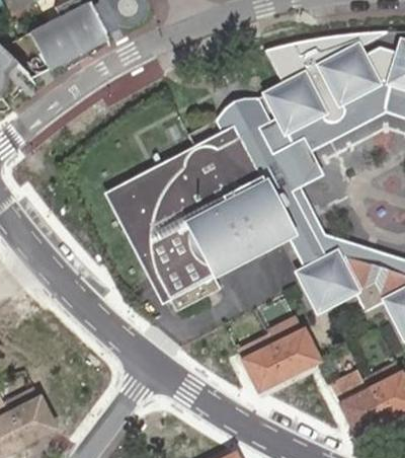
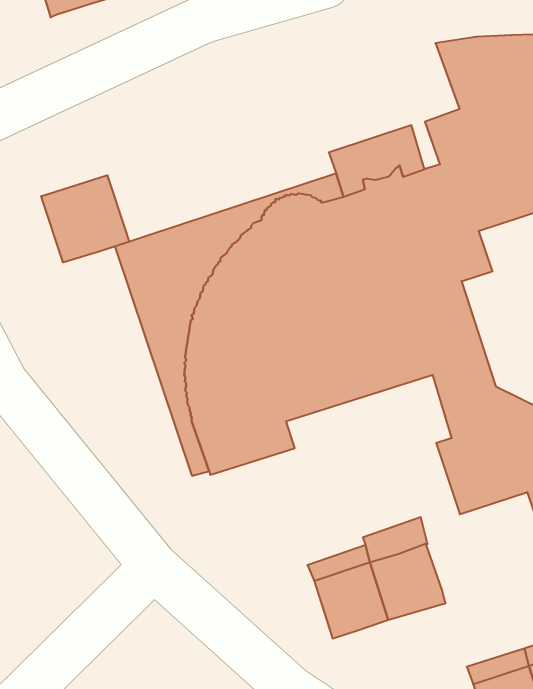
building: none -> [41,175,129,262]

